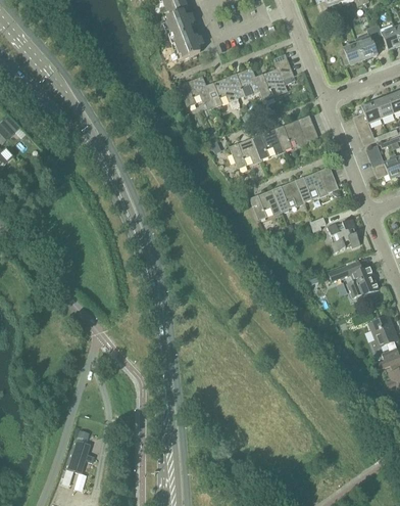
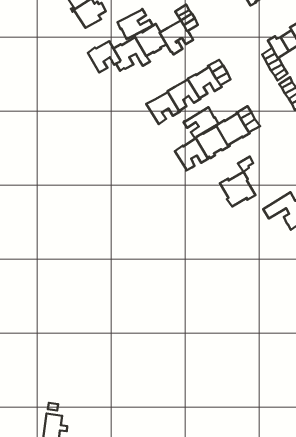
building: none -> [118,9,153,39]
building: none -> [183,107,218,138]
building: [327,218,360,250] -> [220,172,256,206]

